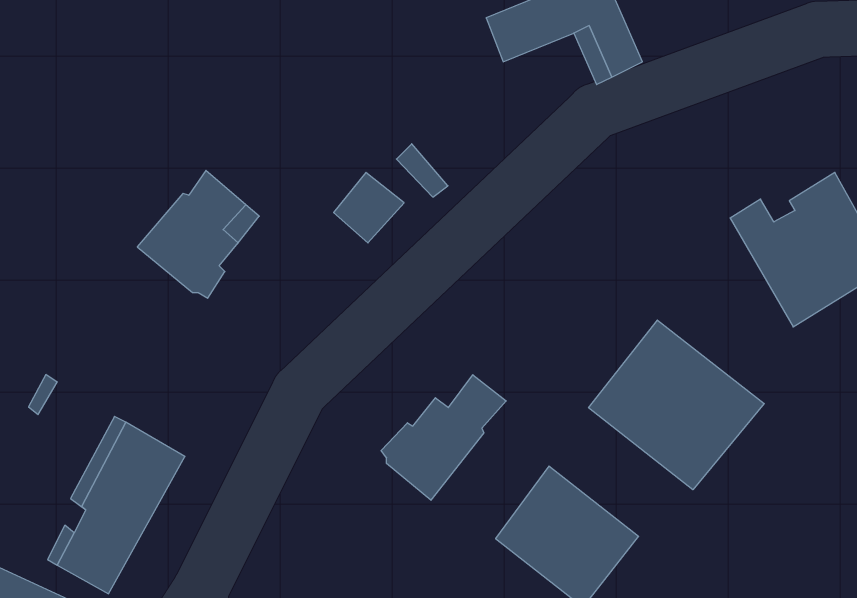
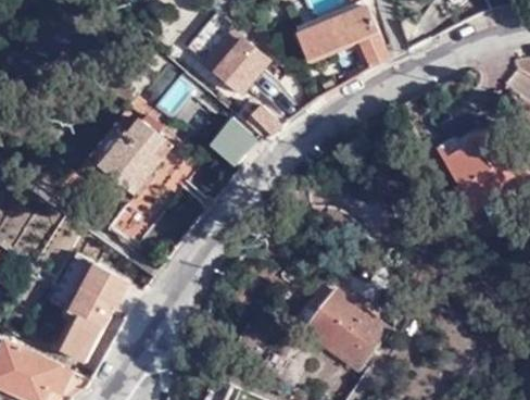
building: none -> [209,32,267,91]
building: [589,320,764,490] -> none
building: [381,375,506,500] -> none

